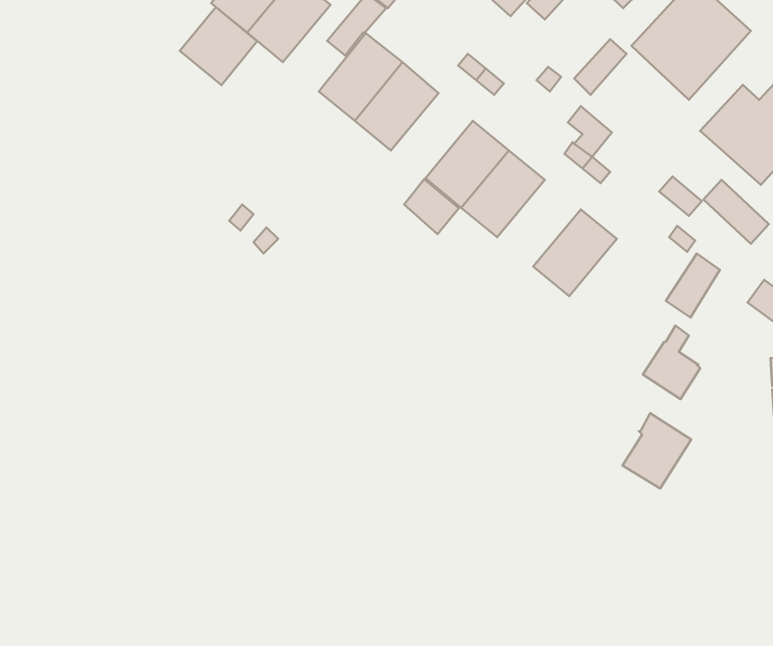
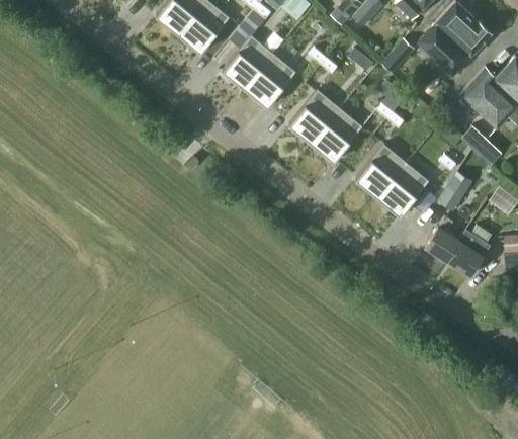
building: [180,7,257,85] -> none
building: [404,179,459,234] -> none
building: none -> [378,162,430,215]
building: [622,413,691,489] -> [447,229,490,275]

